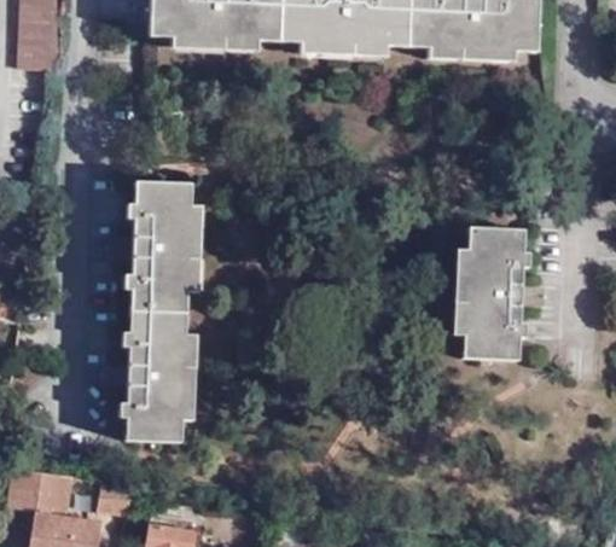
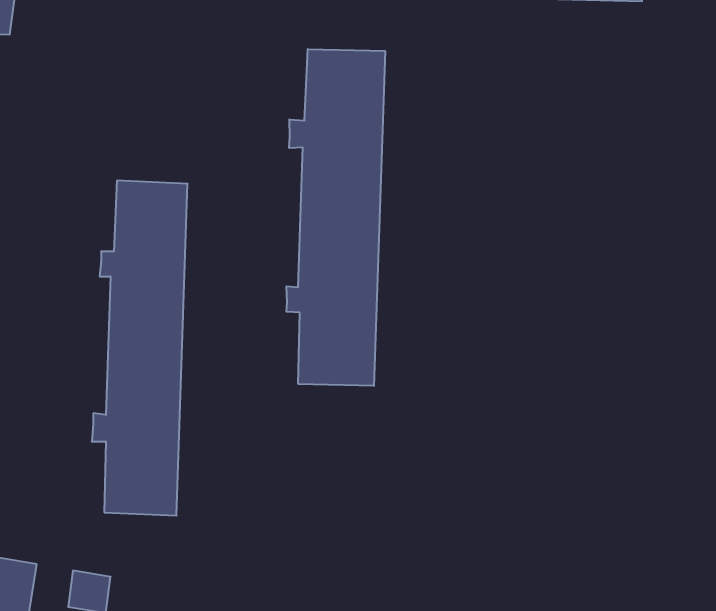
building: none -> [286,49,385,386]
building: [465,227,534,359] -> none

